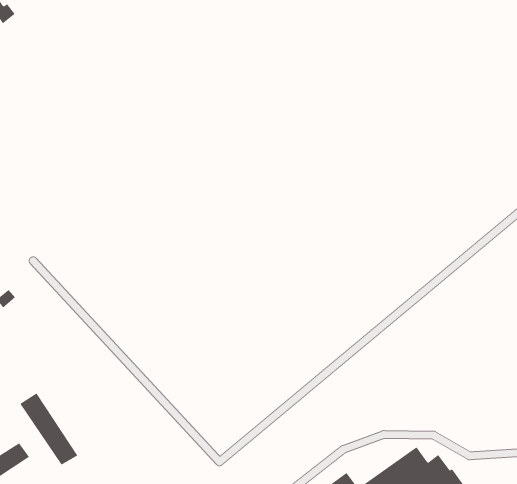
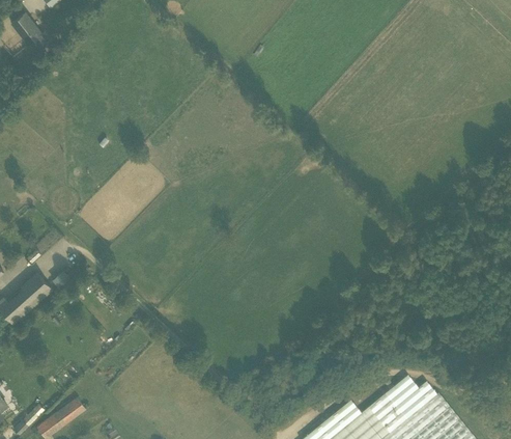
building: [20,392,78,465] -> none

